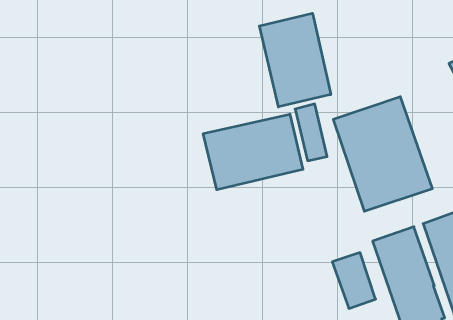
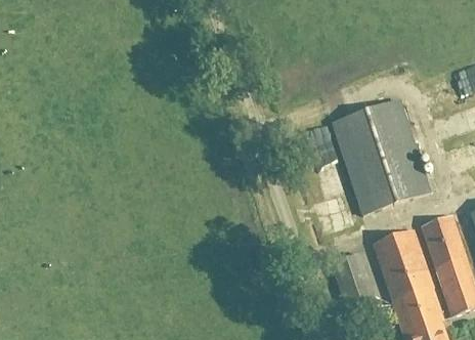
building: [259,13,331,107] -> none
building: [203,114,303,190] -> none

